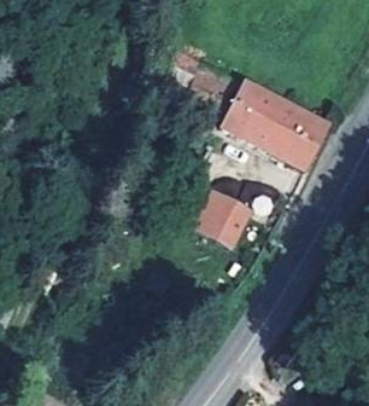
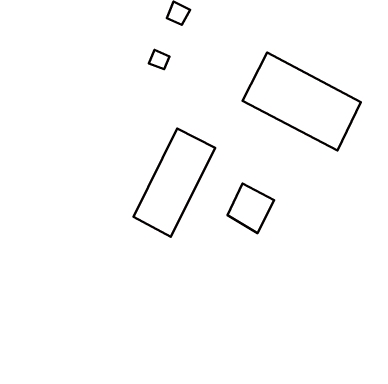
building: none -> [134,128,215,237]

